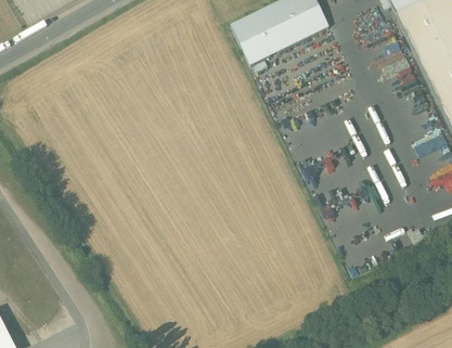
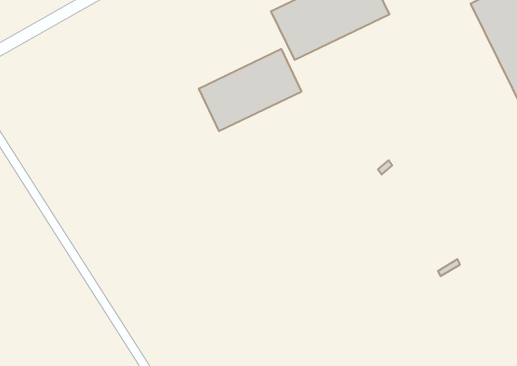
building: none -> [199,49,301,131]

